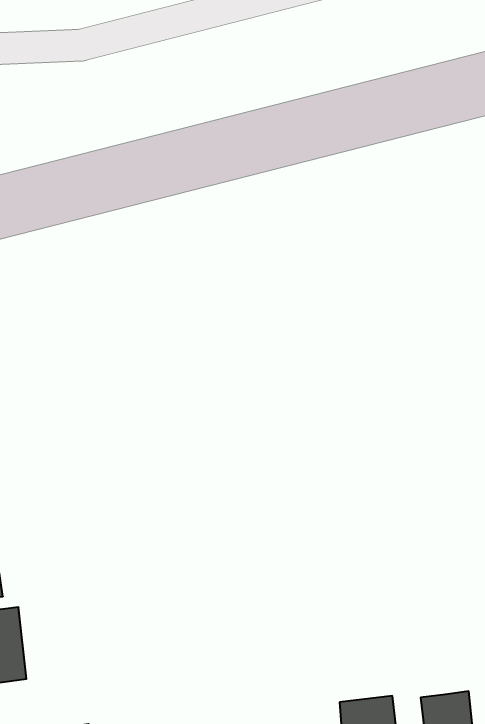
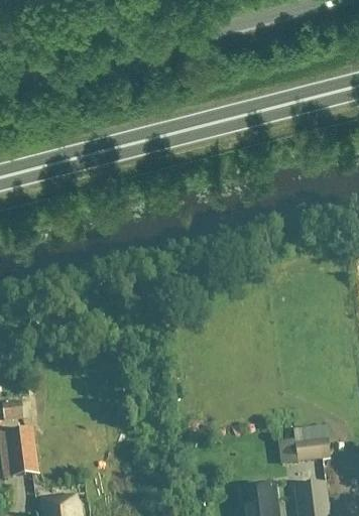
building: none -> [292,436,328,460]

